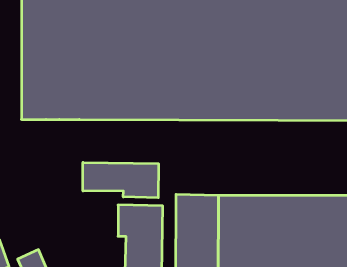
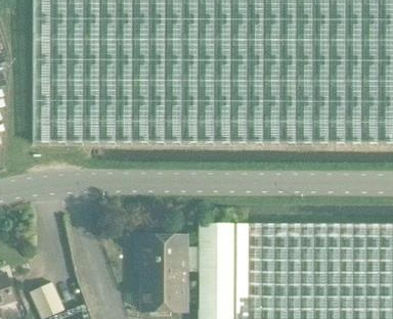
building: [83,162,158,198] -> none

